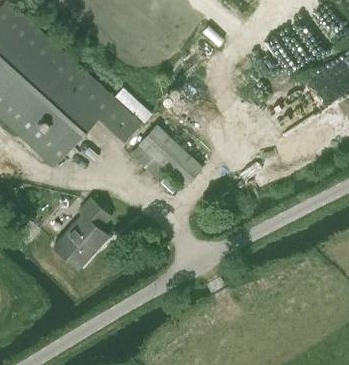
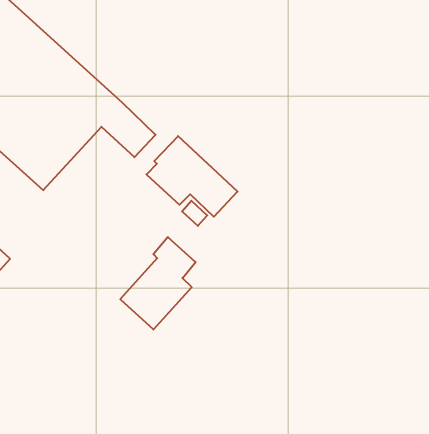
building: [55,199,112,269] -> [120,237,196,330]

